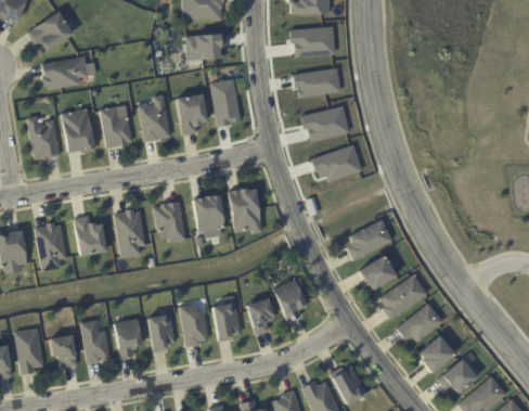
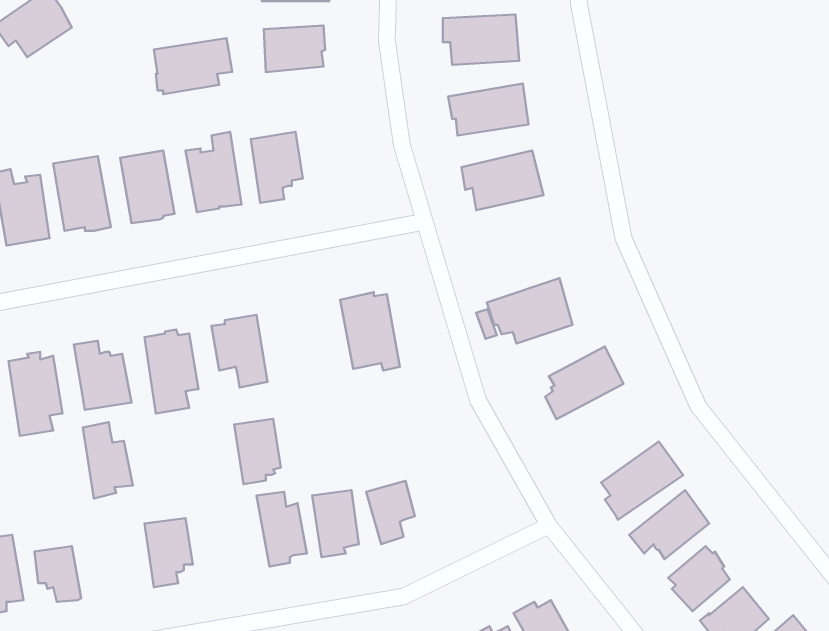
building: [42,56,88,89] -> [154,38,232,94]
building: [208,78,240,126] -> none
building: [310,143,360,181] -> [487,278,572,343]
building: [193,194,227,232] -> none
building: [361,255,399,290] -> none
building: [272,278,306,321] -> none
building: [147,314,175,352] -> [234,419,281,484]
building: [81,320,111,364] -> [83,422,133,499]

